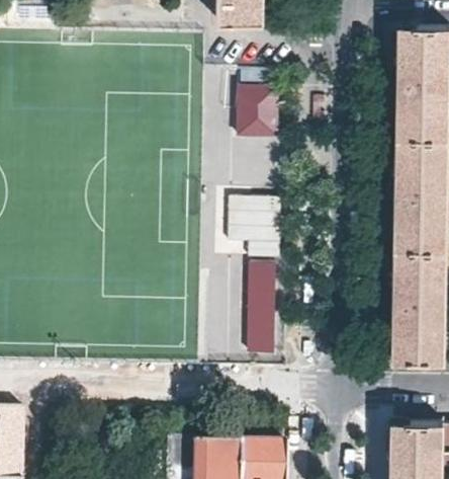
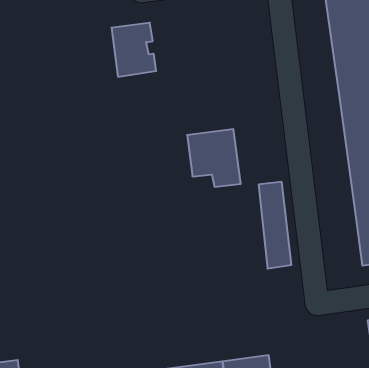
building: [237,88,278,140] -> [111,23,156,77]
building: [247,265,275,353] -> [259,182,291,269]

